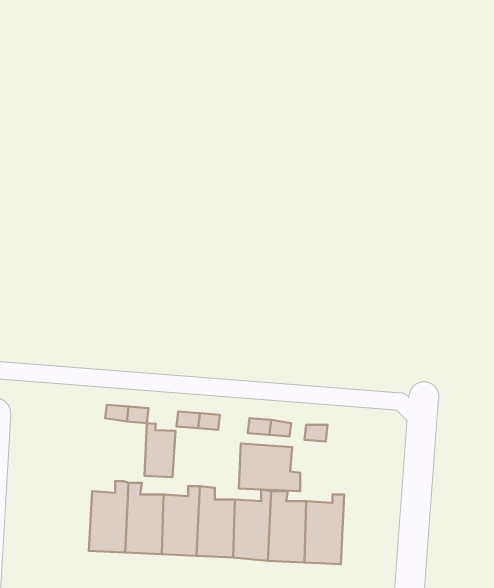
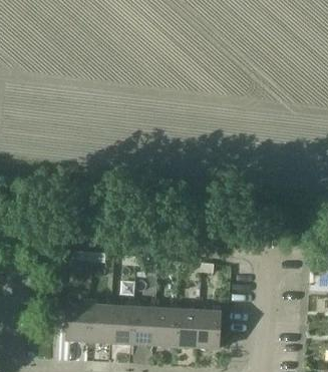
building: [144,423,176,477] -> none
building: [239,443,300,491] -> none

